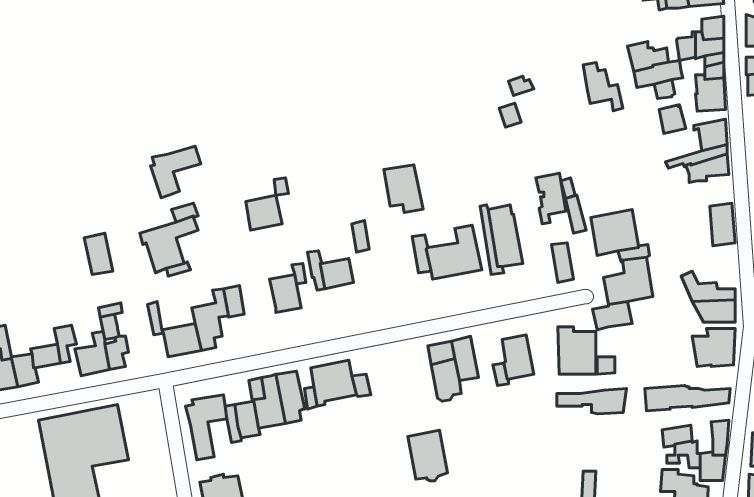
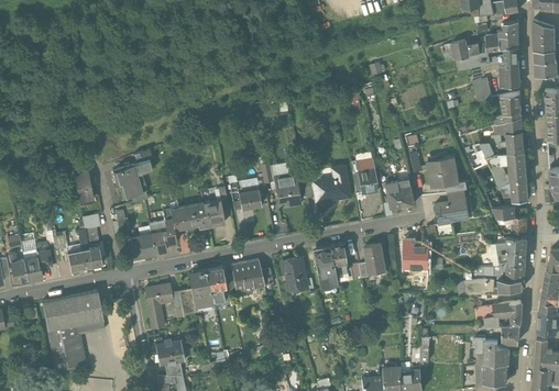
building: [583,62,623,111] -> none
building: [151,146,201,198] -> none
building: [384,165,423,212] -> [274,176,302,209]
building: [536,173,566,224] -> [382,180,403,215]
building: none -> [480,132,524,159]
building: [246,195,282,230] -> [182,204,207,228]
building: none -> [498,179,528,206]
building: [557,389,626,414] -> [476,264,525,281]
building: [408,430,448,481] -> [280,258,307,293]

